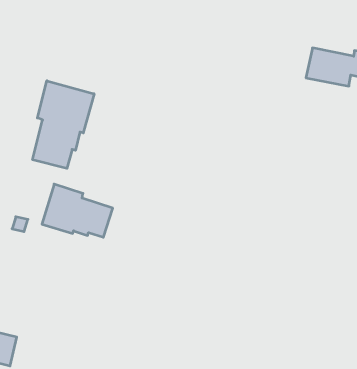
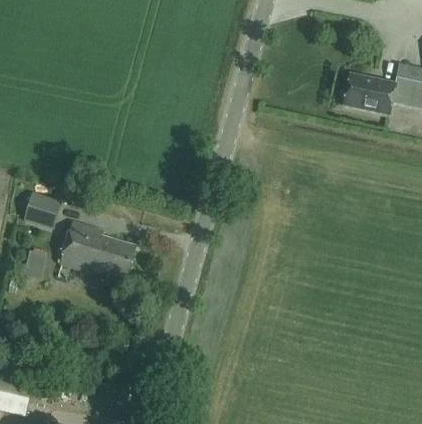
building: [33,81,94,168] -> none
building: none -> [24,192,62,229]

